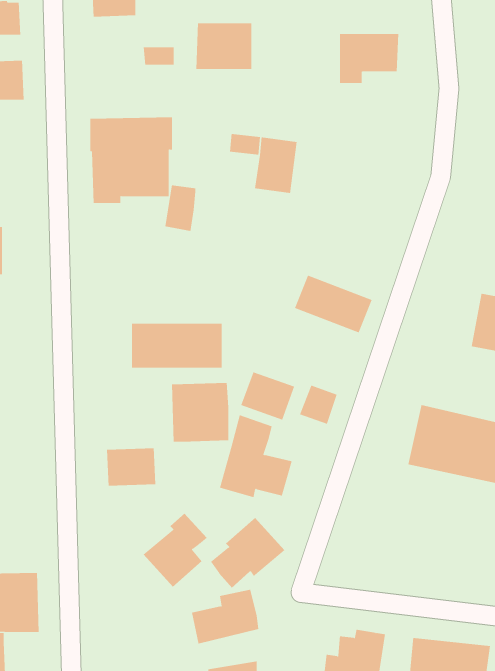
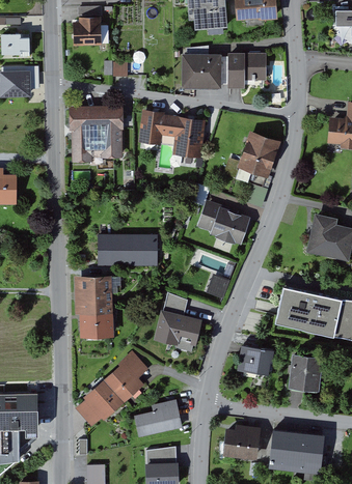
building: [196,23,252,69] -> [184,56,219,85]
building: none -> [237,134,277,187]
building: [165,185,196,231] -> [141,113,161,142]
building: [241,371,295,420] -> none
building: [171,382,229,442] -> [77,277,113,314]
building: none -> [238,346,272,375]
building: none -> [289,355,319,392]
building: [210,517,285,589] -> [78,379,125,424]

